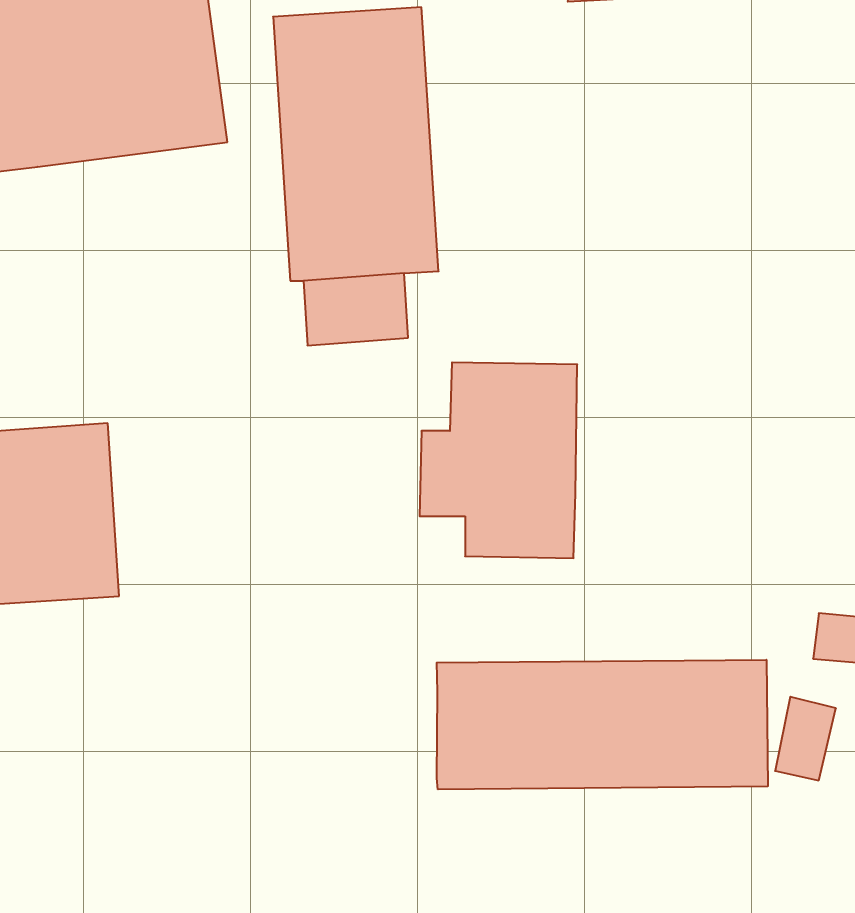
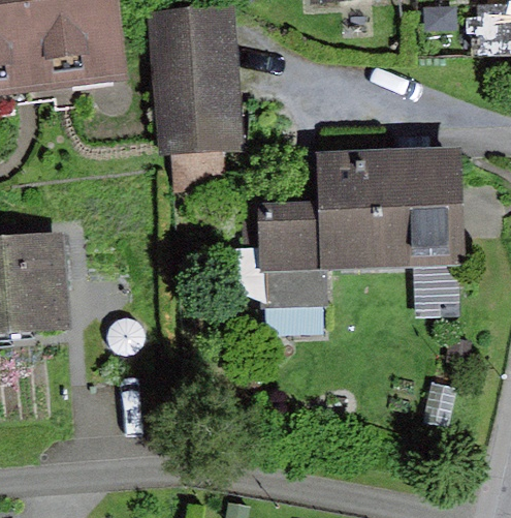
building: none -> [316,150,460,270]
building: [437,660,768,789] -> none

